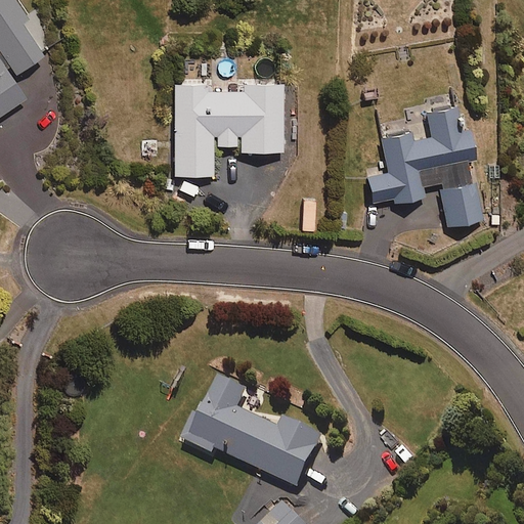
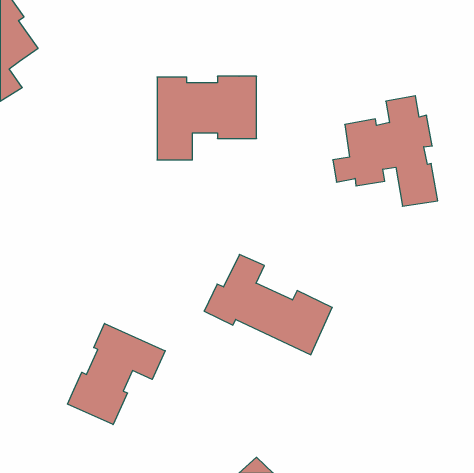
building: none -> [67,323,165,425]
building: [182,378,323,488] -> [204,254,332,355]

